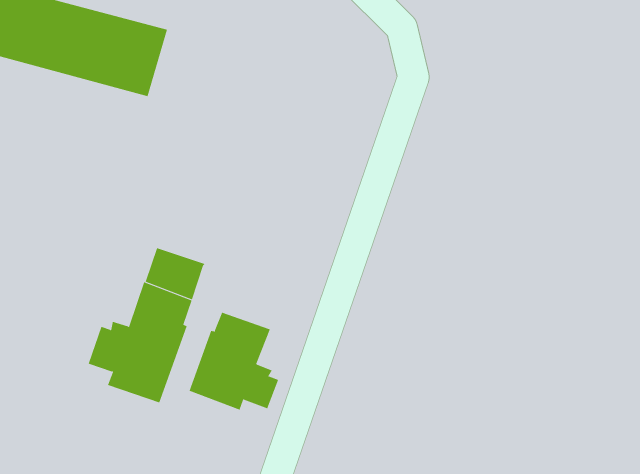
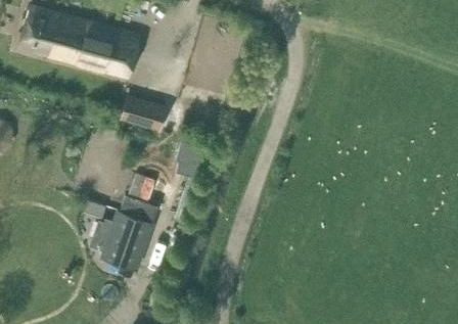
building: none -> [120,96,167,133]
building: [189,312,279,411] -> none

